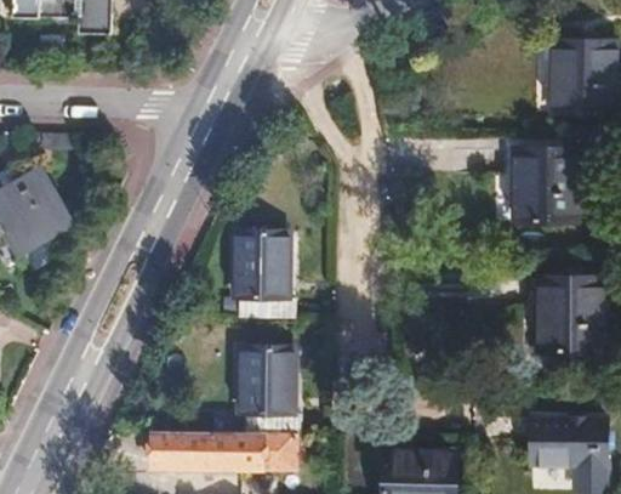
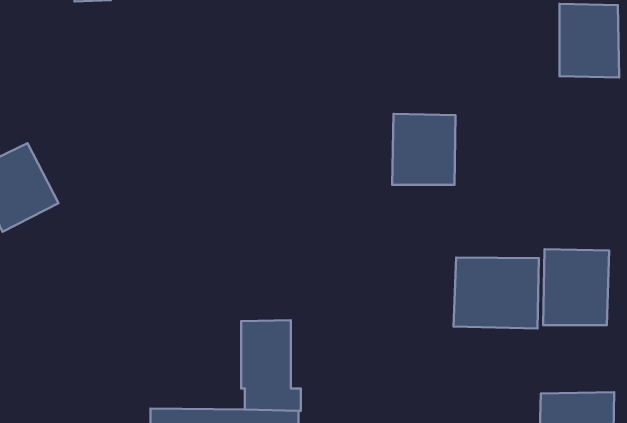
building: [512,152,574,221] -> [392,114,456,185]
building: [233,233,294,319] -> none
building: none -> [454,258,539,328]

